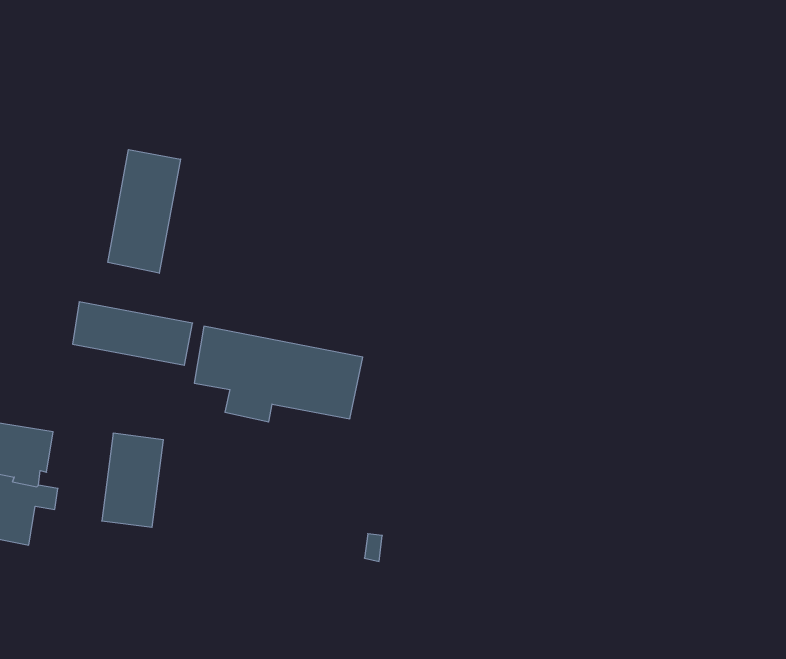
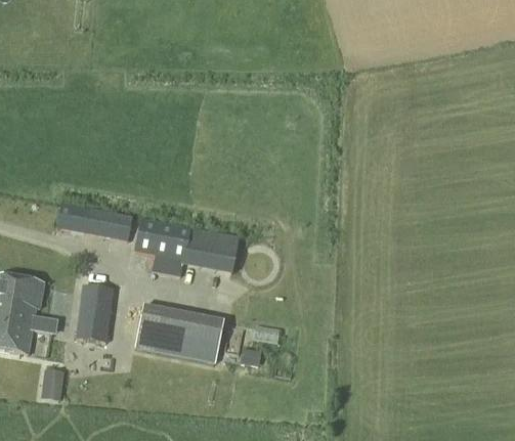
building: [108,150,181,273] -> none
building: none -> [135,305,224,361]
building: none -> [41,368,65,400]

